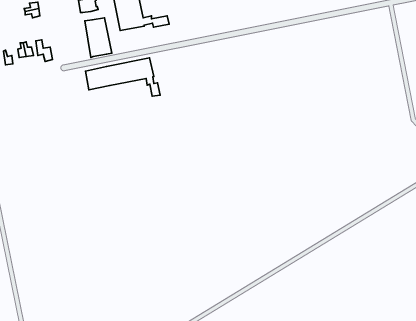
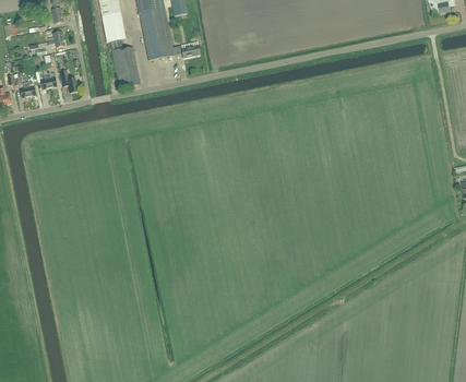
building: [85,58,160,96] -> none

